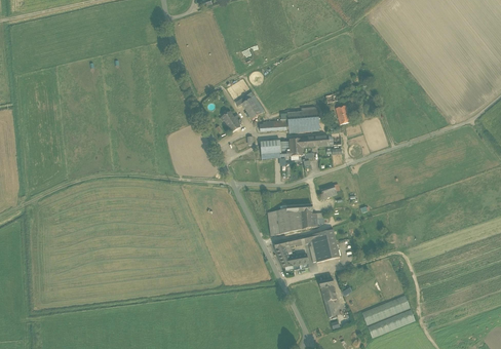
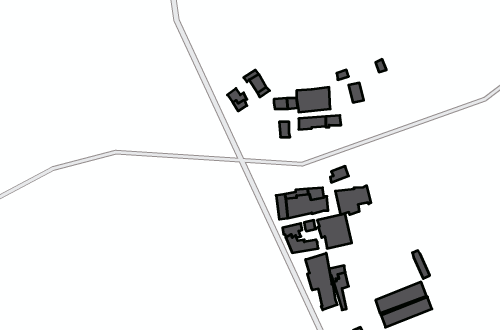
building: none -> [335,186,371,215]
building: none -> [306,253,337,310]

